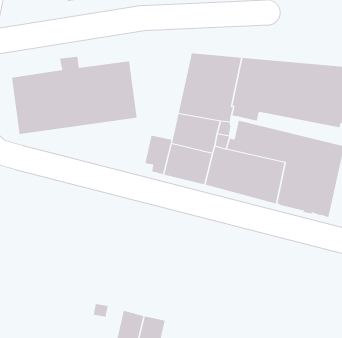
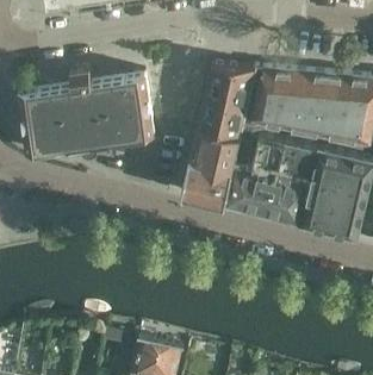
building: [145,135,172,175] -> none

